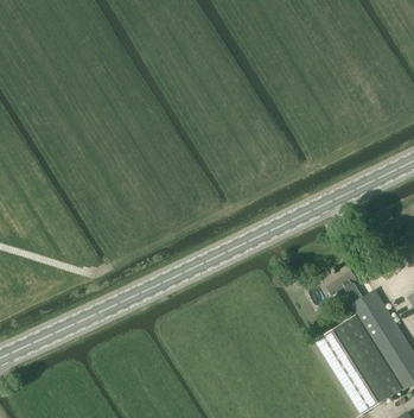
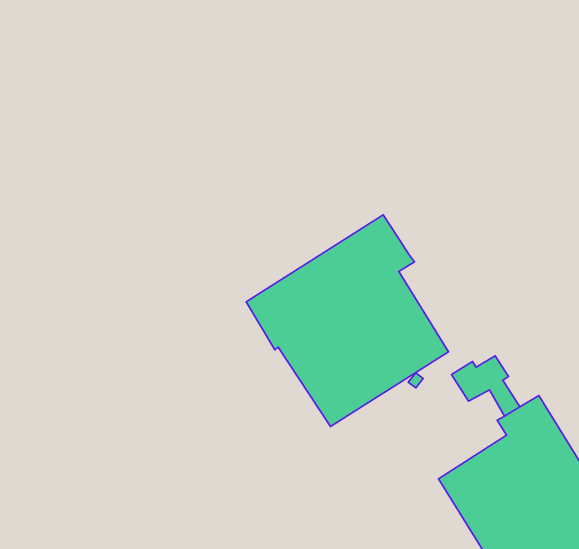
building: none -> [246,215,449,427]

